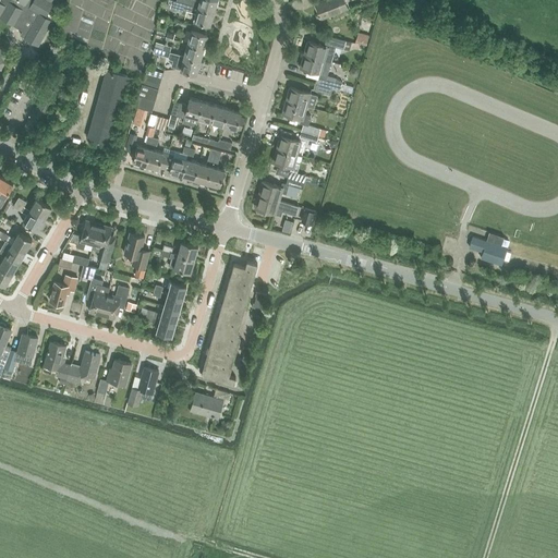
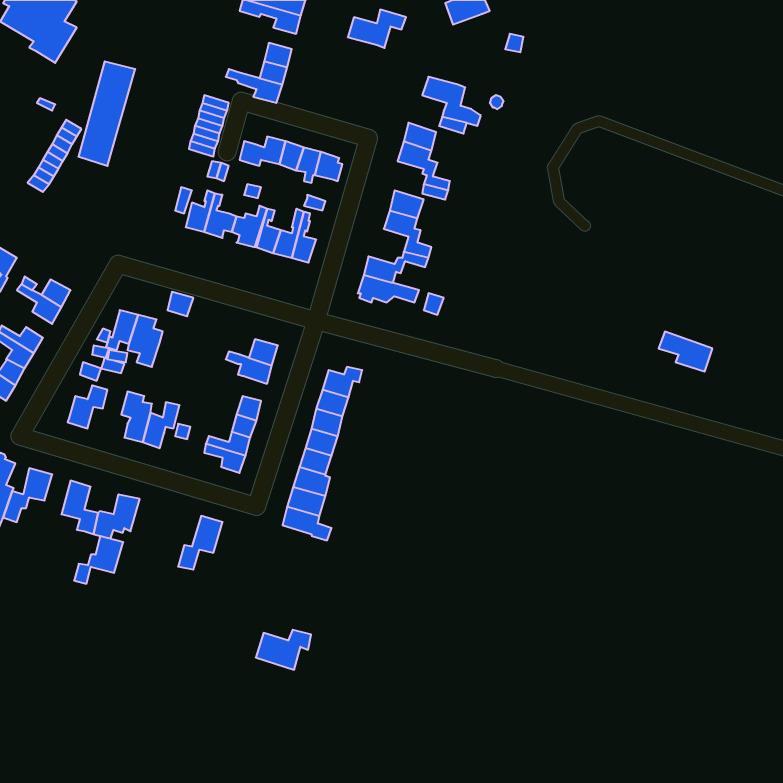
building: [304,36,345,63] -> [348,10,406,48]
building: [86,71,126,145] -> [78,61,135,166]
building: [123,233,148,268] -> none
building: [96,360,131,393] -> [74,536,123,584]
building: [190,390,229,418] -> [256,630,311,670]

